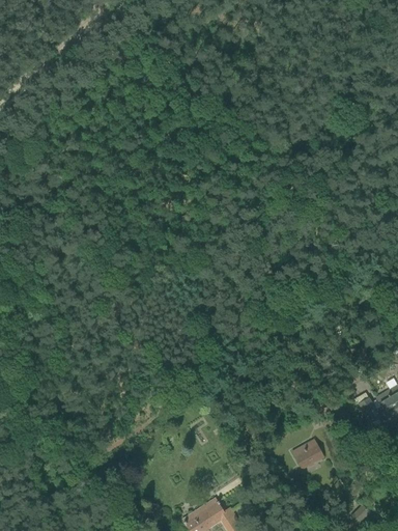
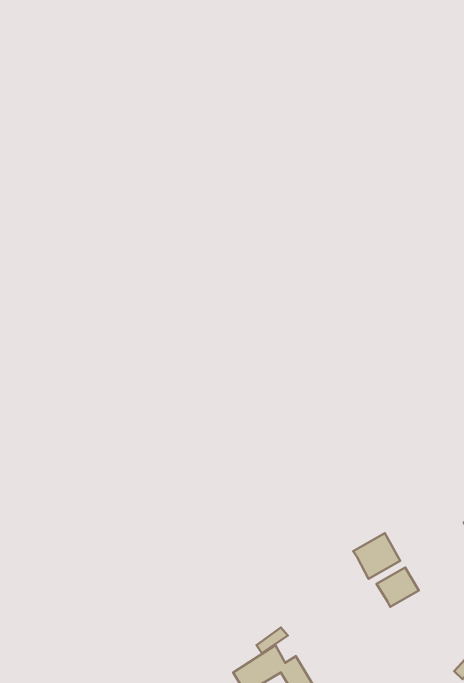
building: none -> [353,533,400,579]

